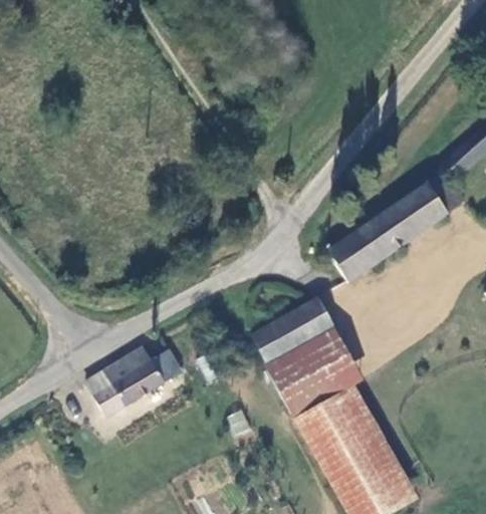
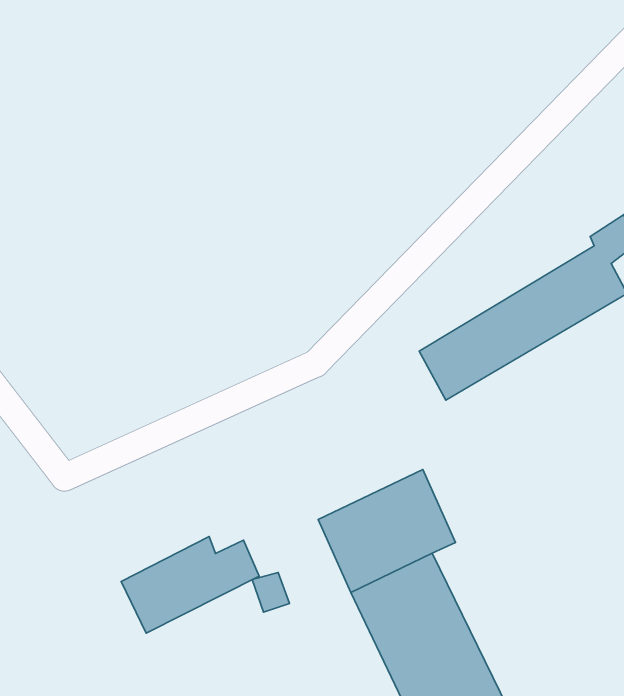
building: [251,298,336,367] -> none
building: [88,347,180,415] -> [121,536,259,633]

